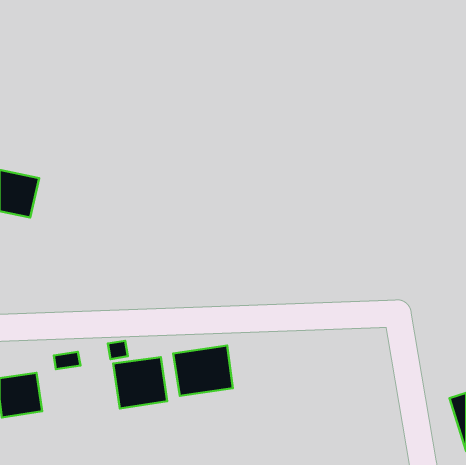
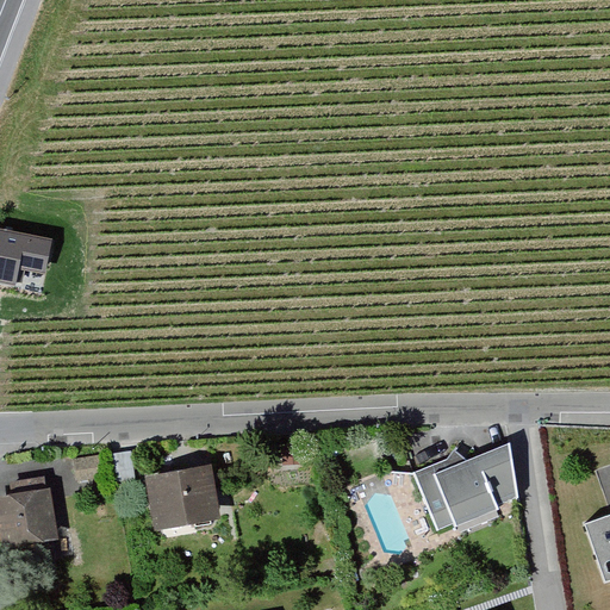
building: none -> [413,441,519,530]
building: [173,346,233,396] -> none

